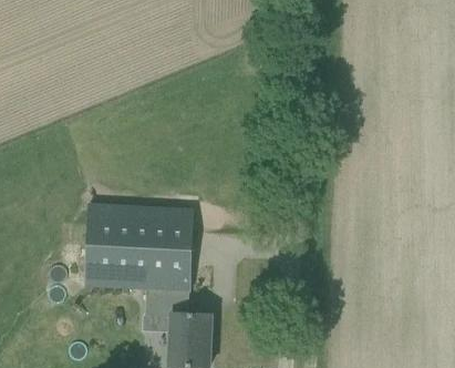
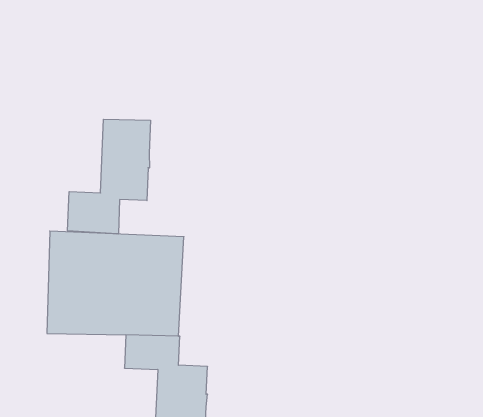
building: none -> [68,119,150,234]

